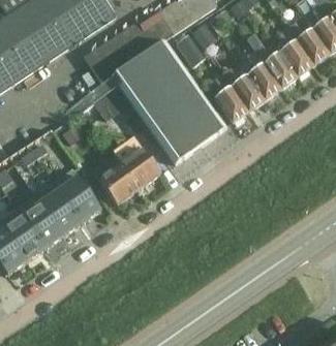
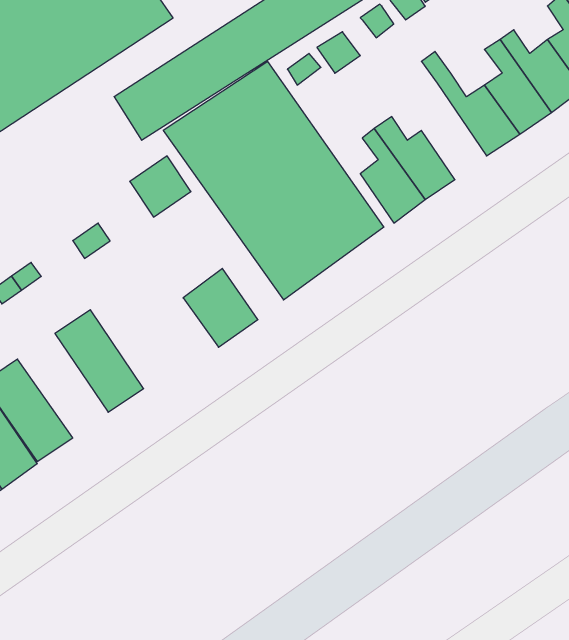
building: [246,50,280,100] -> none
building: [91,141,140,203] -> none
building: [34,181,82,235] -> none

